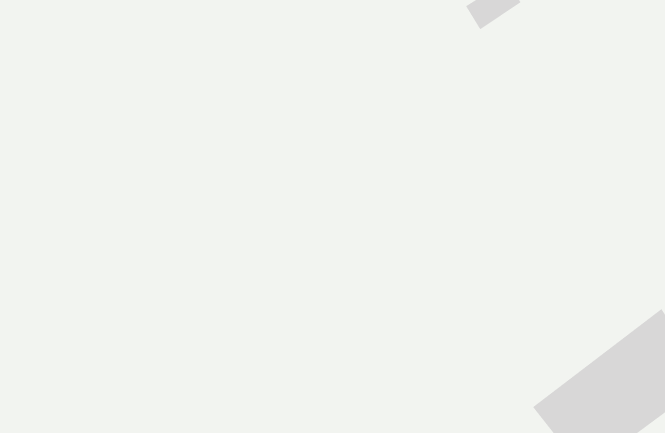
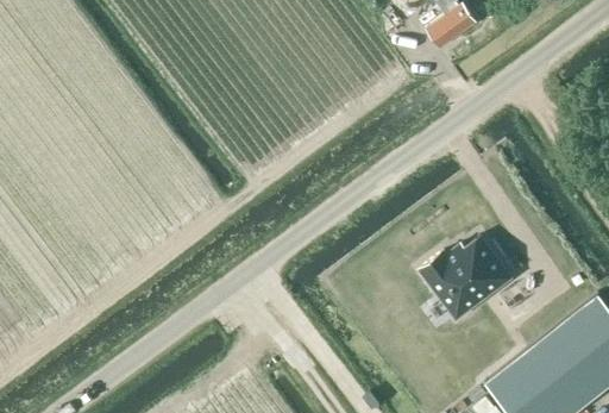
building: none -> [420,233,511,317]

